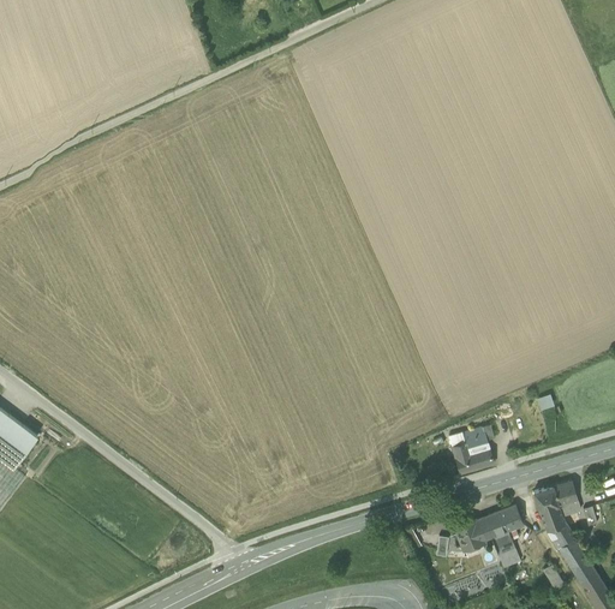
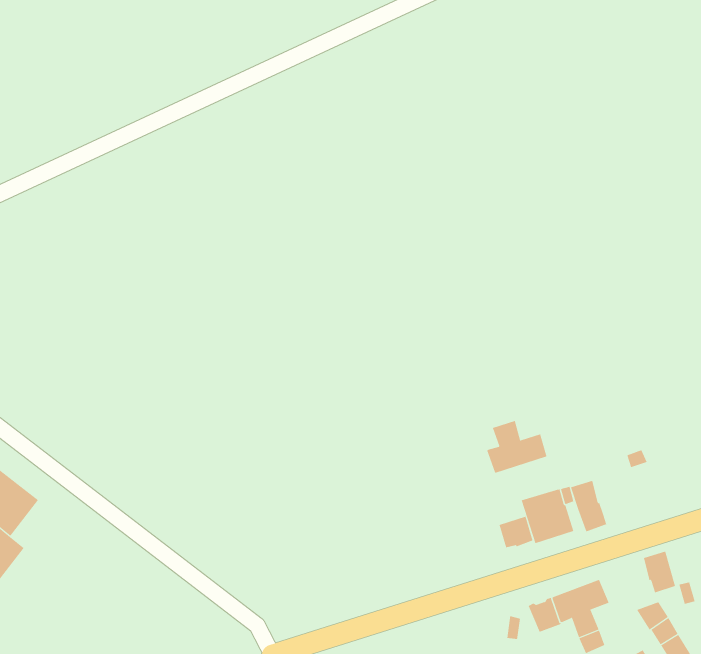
building: none -> [487,420,547,474]
building: none -> [499,516,533,548]
building: [533,486,566,531] -> [570,480,608,532]

